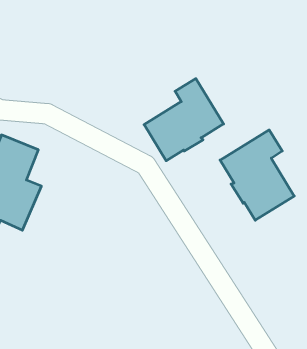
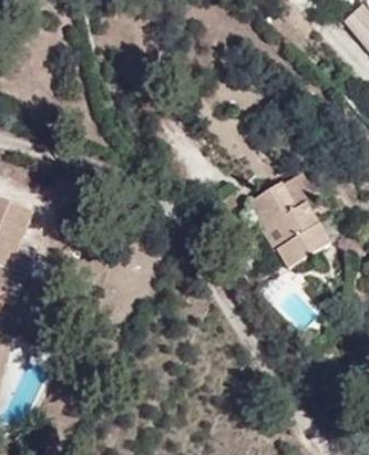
building: [144,79,224,161] -> none

